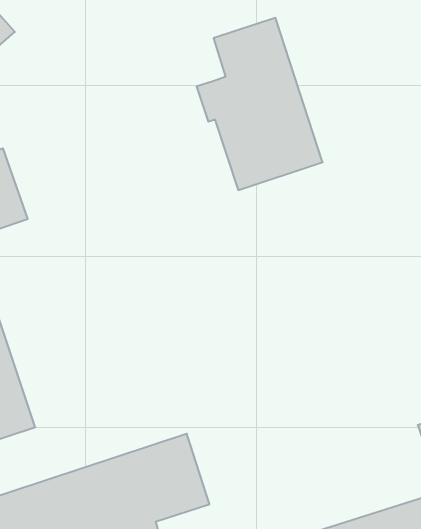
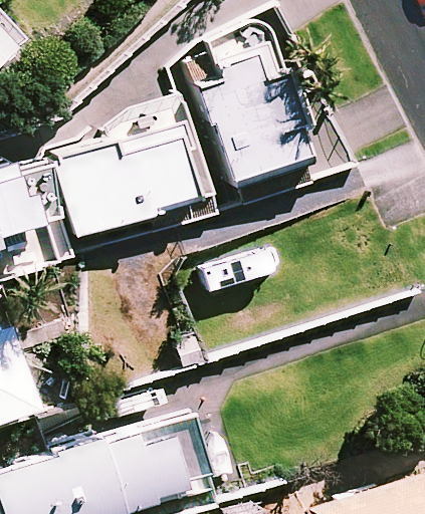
building: none -> [52,125,195,238]

